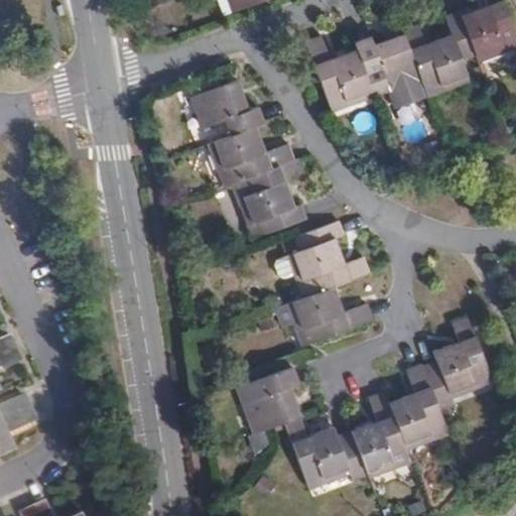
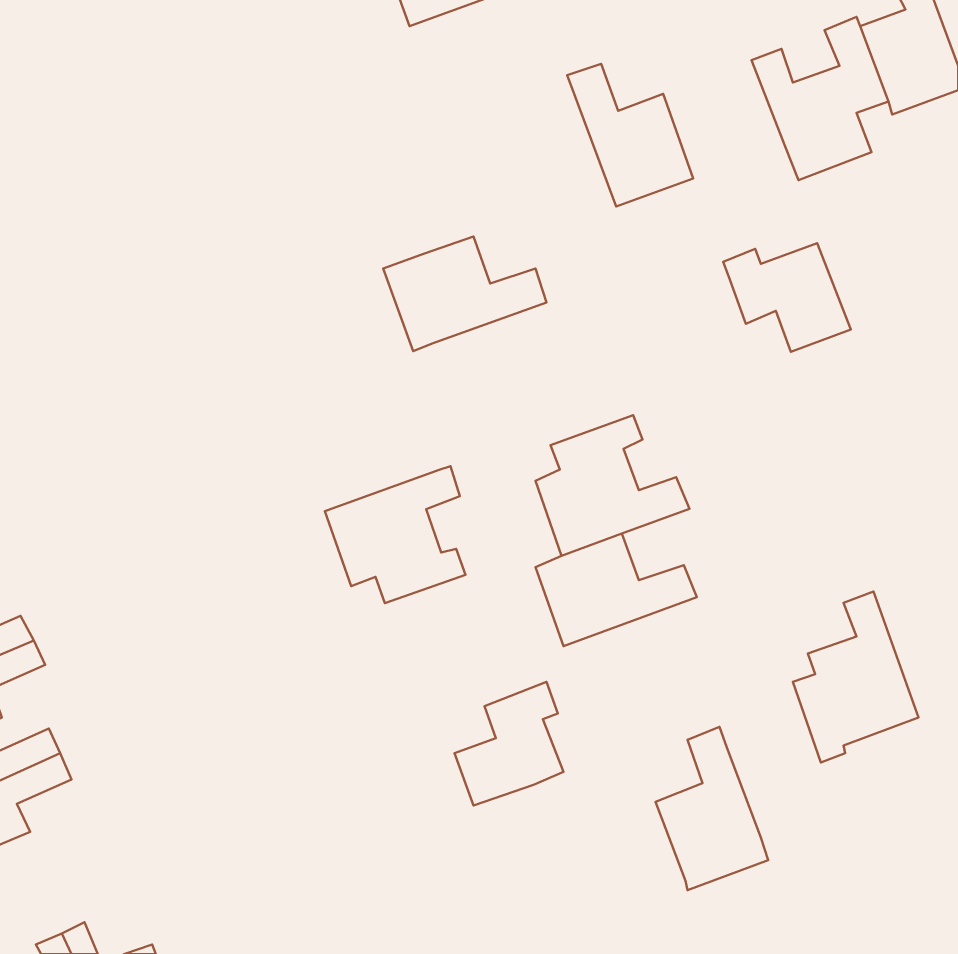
building: [353,32,421,91] -> [723,243,851,352]
building: [190,82,263,136] -> none
building: [232,160,307,234] -> [325,466,466,603]
building: [390,363,449,449] -> none
building: [286,414,368,488] -> none

